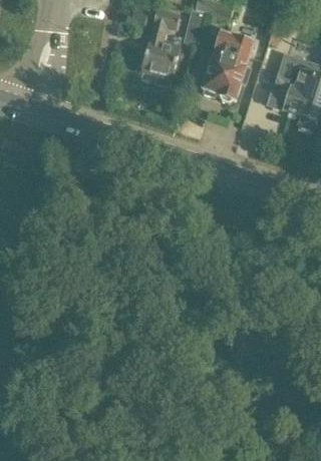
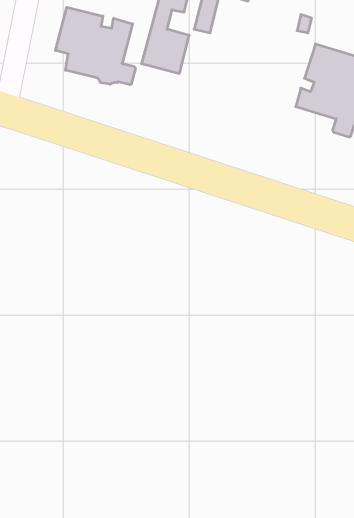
building: none -> [55,7,135,85]
building: [203,30,254,100] -> none

